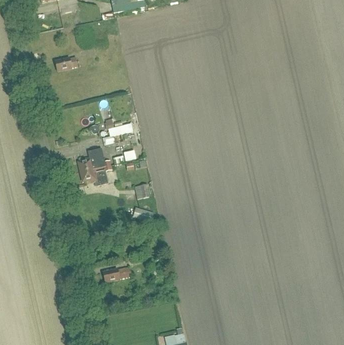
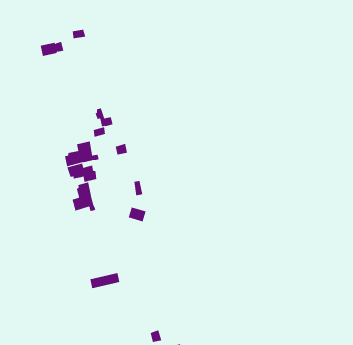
building: none -> [72,181,96,212]

